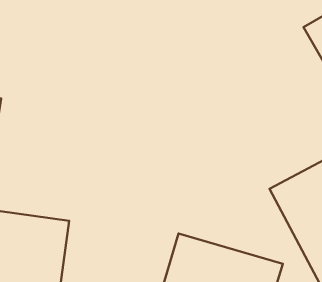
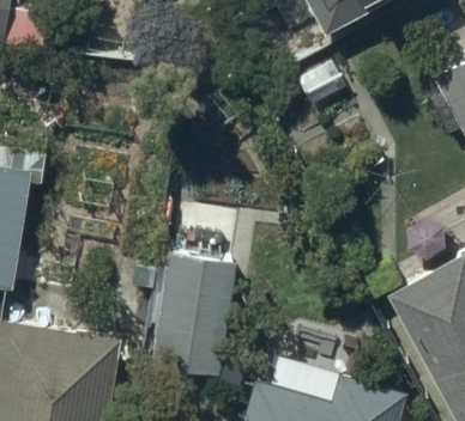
building: none -> [153,251,237,376]

